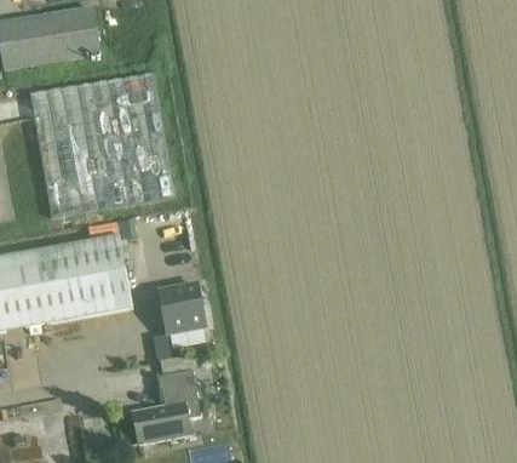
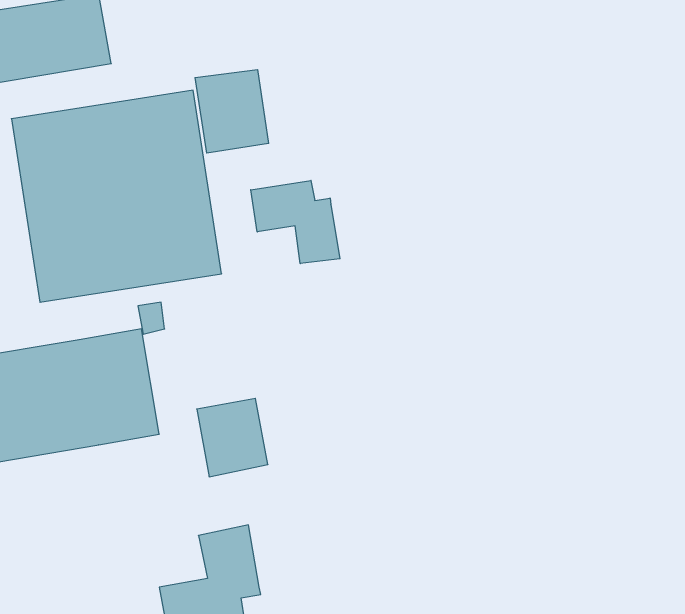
building: none -> [195,70,269,153]
building: none -> [251,180,340,264]

